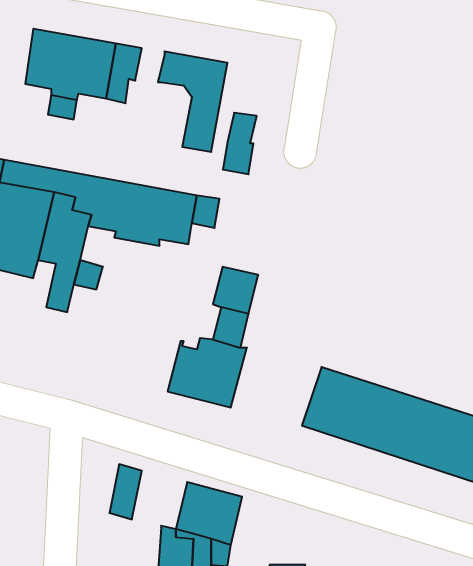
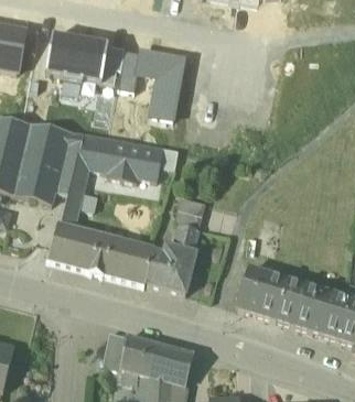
building: [223,113,257,174] -> [117,50,140,91]
building: none -> [47,222,150,283]
building: none -> [118,334,155,374]

